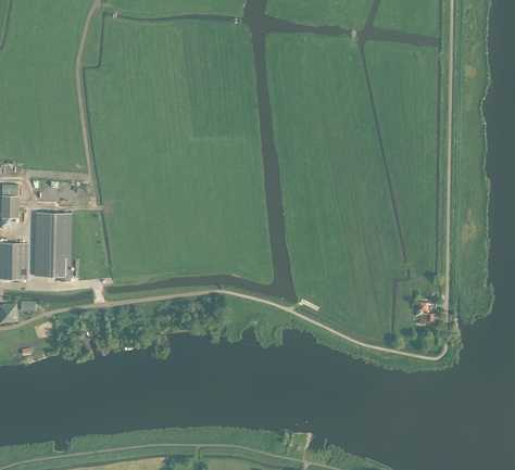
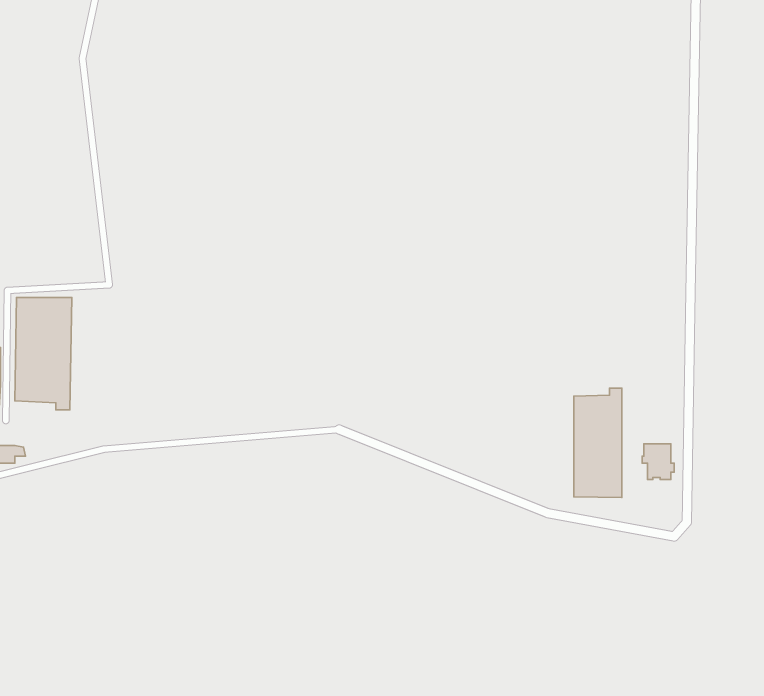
building: none -> [574,388,622,498]

